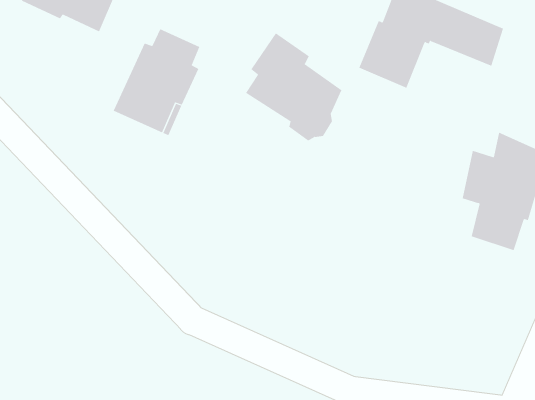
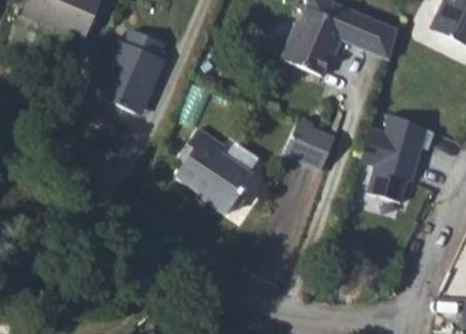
building: [245,33,342,141] -> [170,127,245,211]
building: none -> [280,122,330,170]

